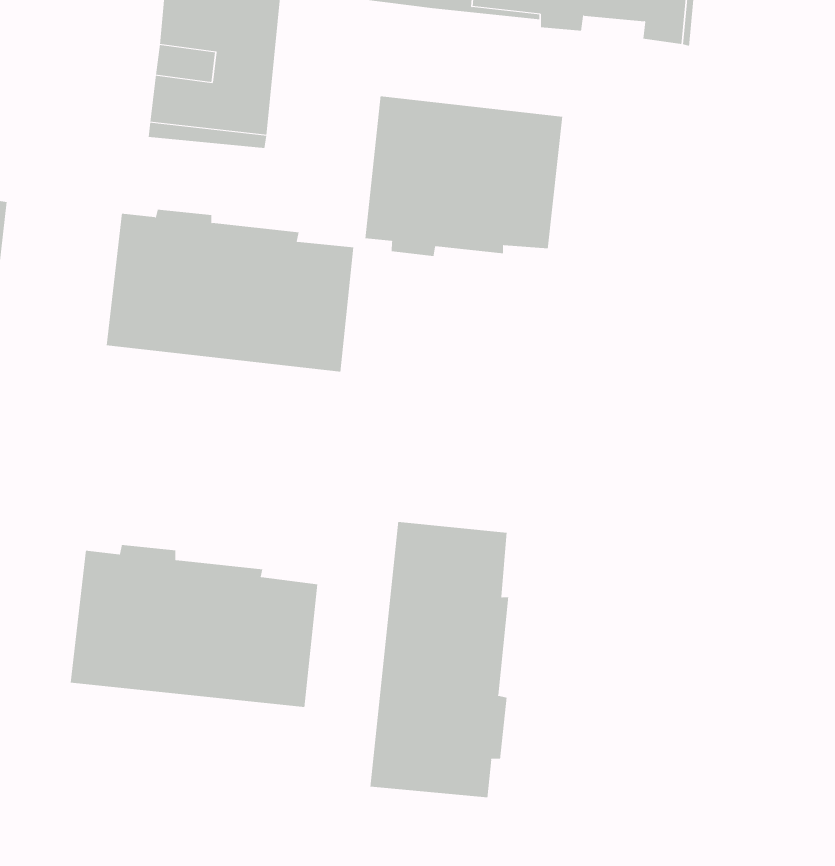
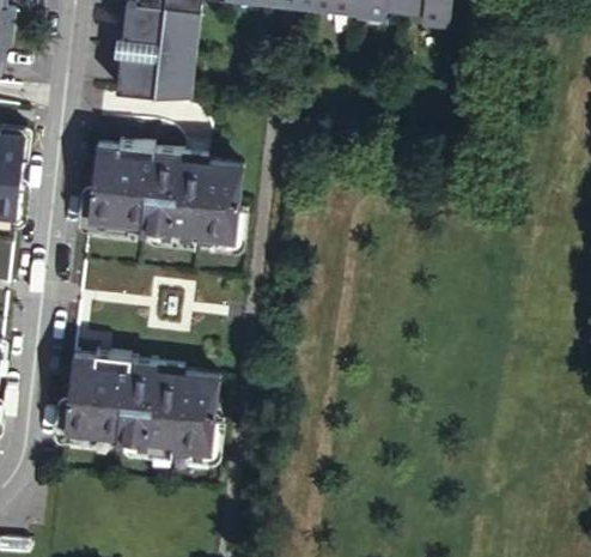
building: [365,95,563,257] -> none
building: [370,521,509,798] -> none

